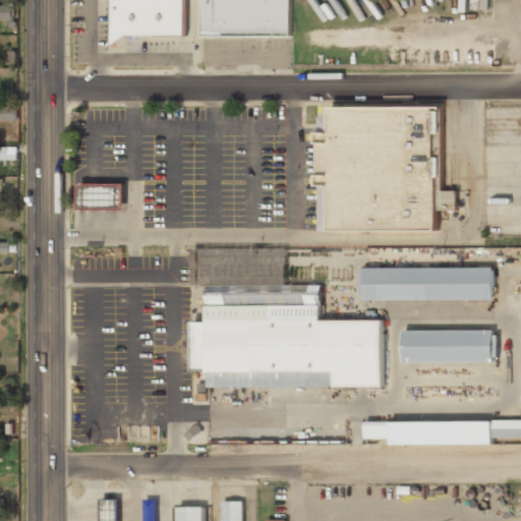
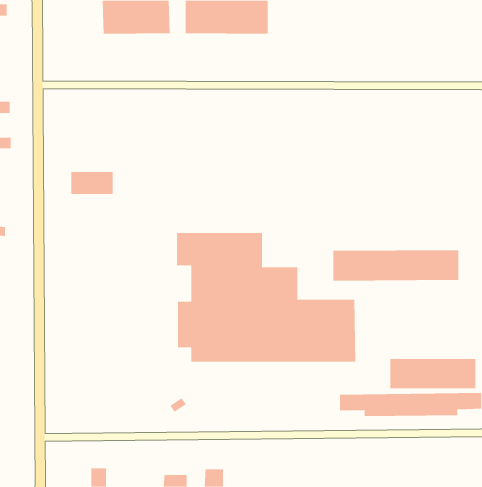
building: [316,106,453,231] -> none
building: [401,330,494,362] -> [390,358,476,389]

